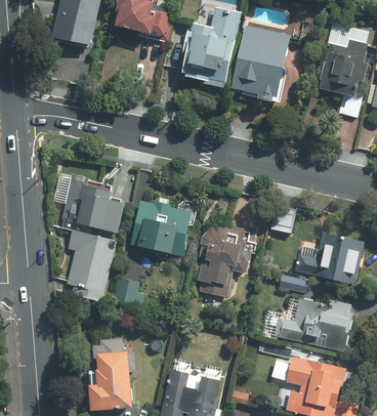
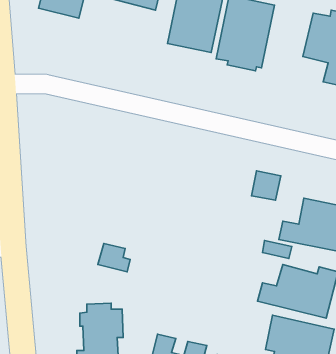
building: [53,174,126,303] -> none
building: [129,201,193,255] -> none
building: [194,227,254,297] -> none

